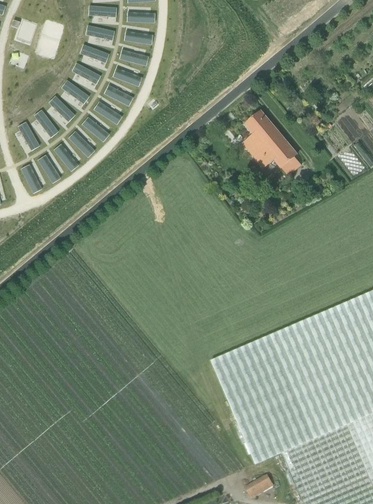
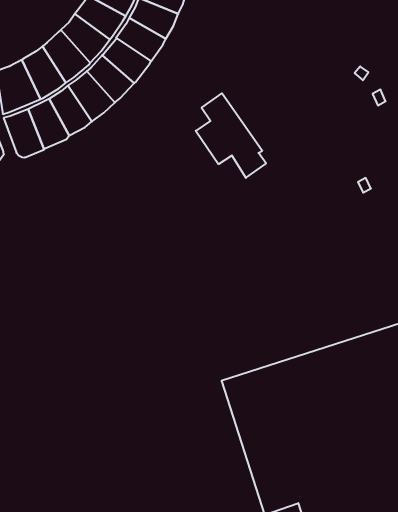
building: [242,109,301,175] -> [196,93,266,178]

